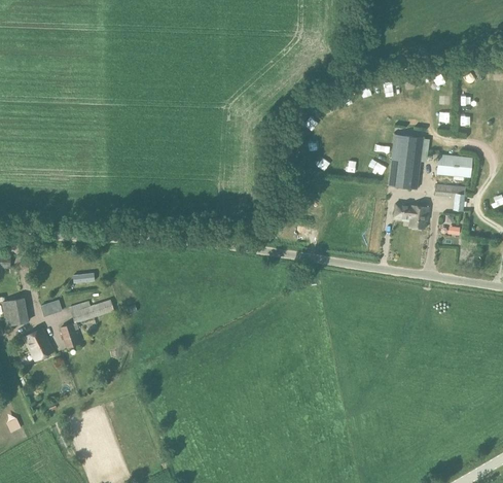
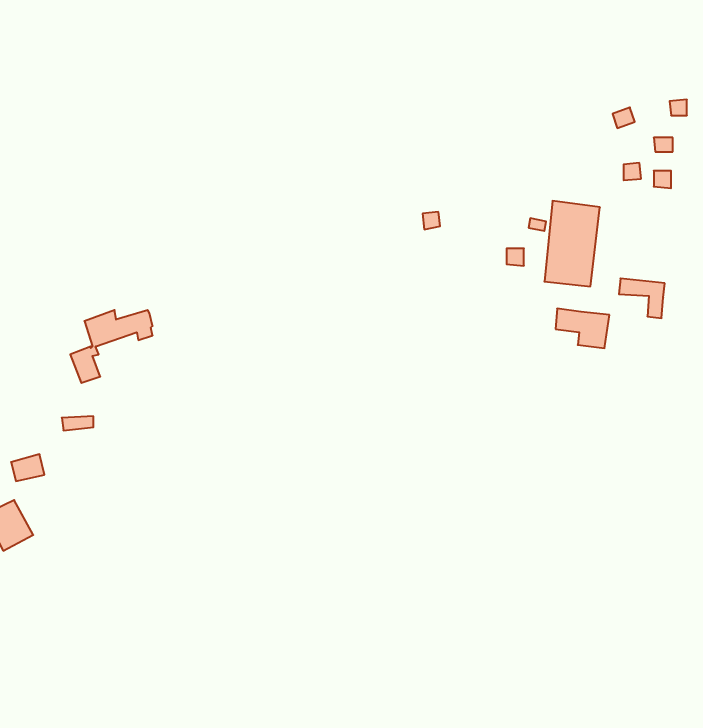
building: [438,154,472,175] -> none
building: [60,299,113,346] -> [70,310,153,383]

